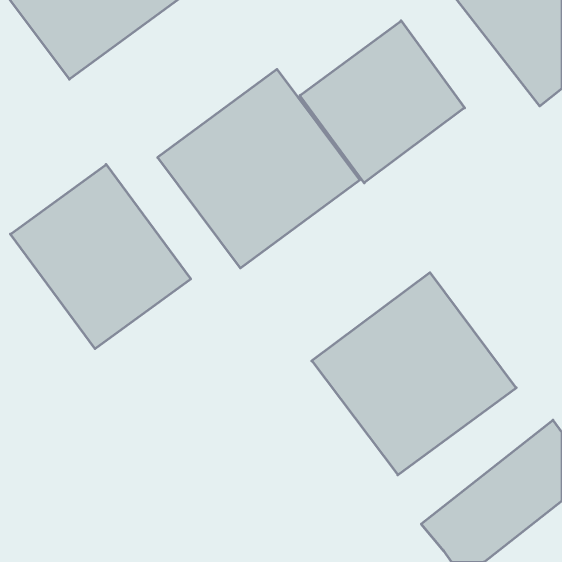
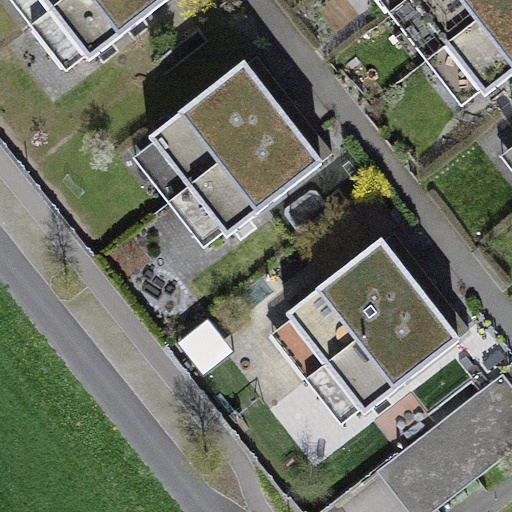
building: [300,21,465,183] -> none
building: [10,164,191,349] -> none

